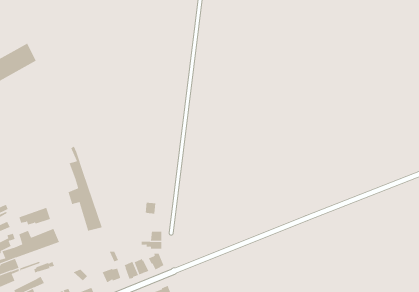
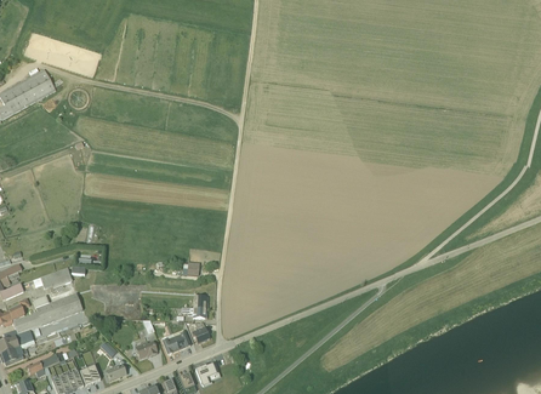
building: [68,146,102,232] -> none

